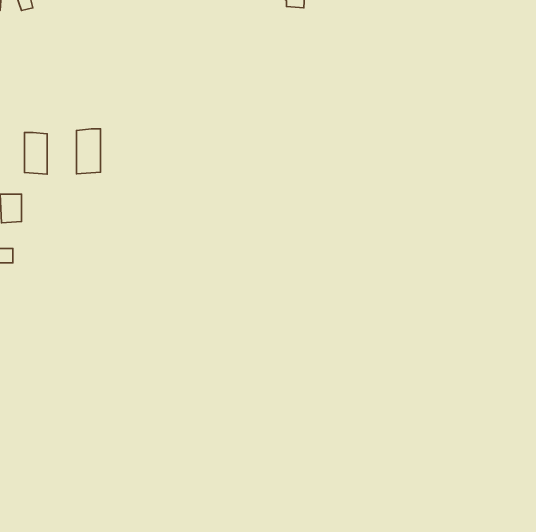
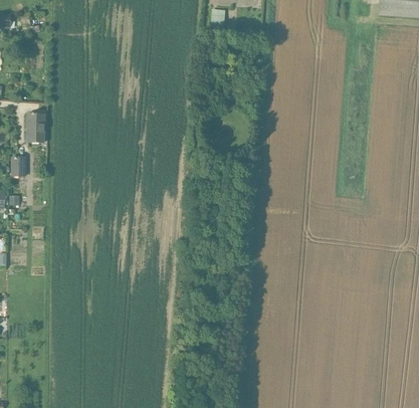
building: [77,129,101,174] -> none

